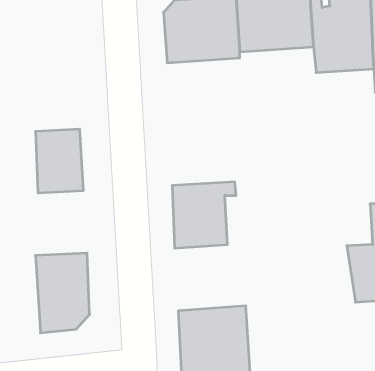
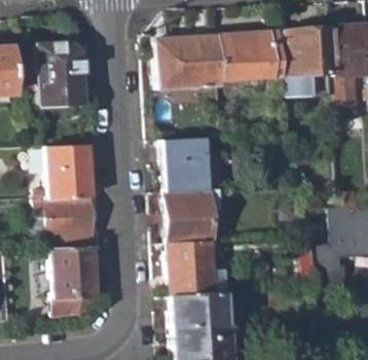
building: none -> [29,41,84,105]
building: none -> [163,138,225,192]
building: none -> [36,196,95,251]
building: none -> [168,242,227,297]

